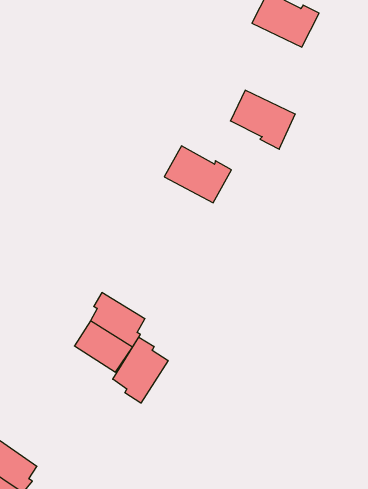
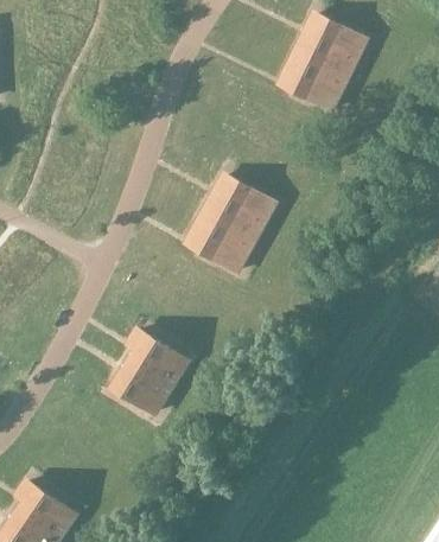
building: [230,90,295,149] -> [281,50,349,111]
building: none -> [189,210,256,273]
building: [113,337,168,403] -> none

